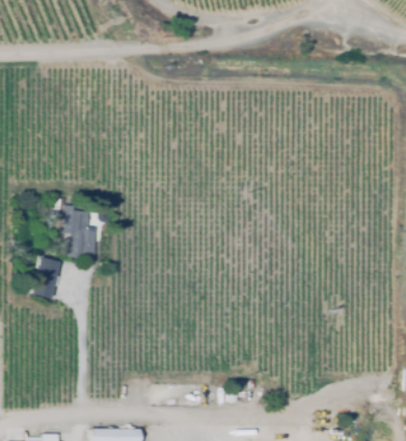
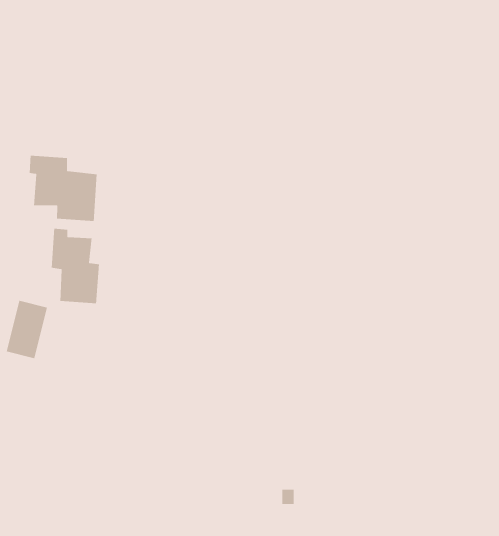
building: none -> [29,155,98,222]

